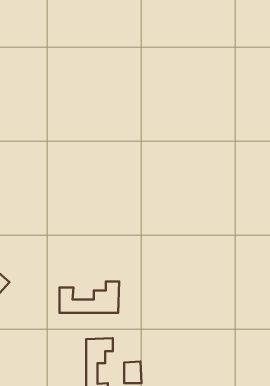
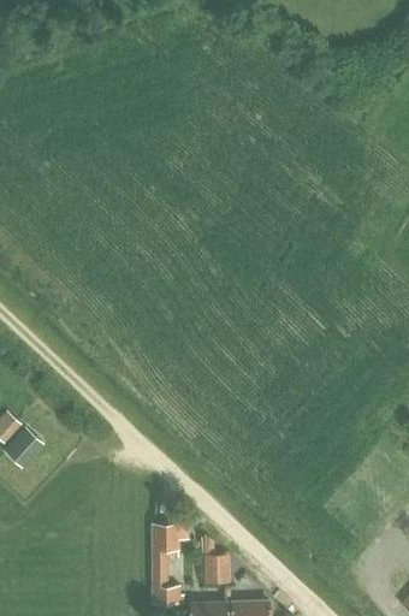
building: [59,282,119,313] -> none

